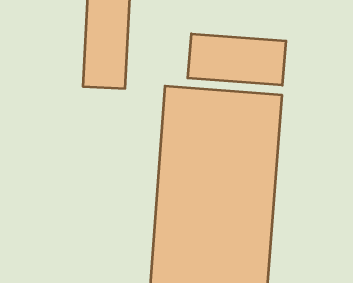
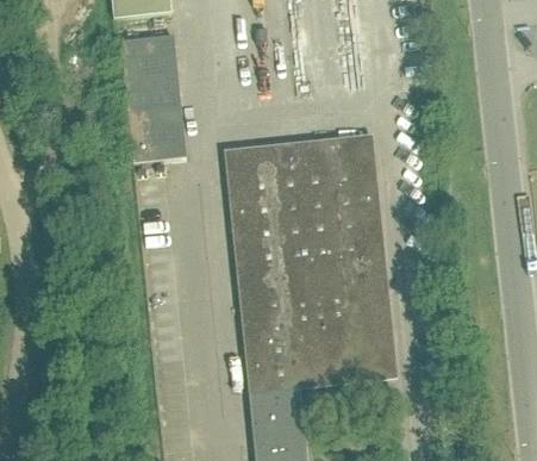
building: [188,34,286,85] -> none

